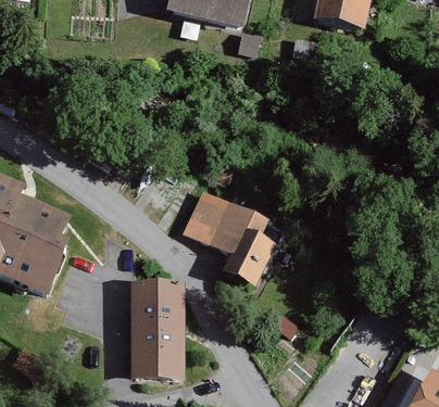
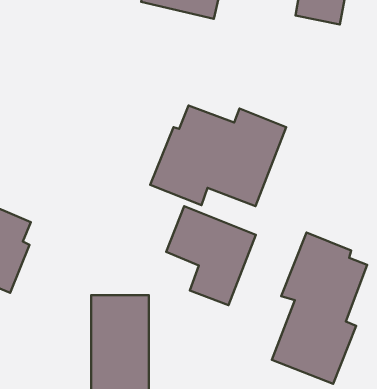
building: none -> [150,105,286,206]
building: none -> [272,232,367,384]

